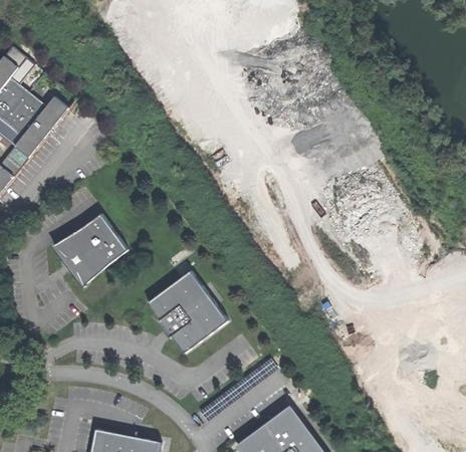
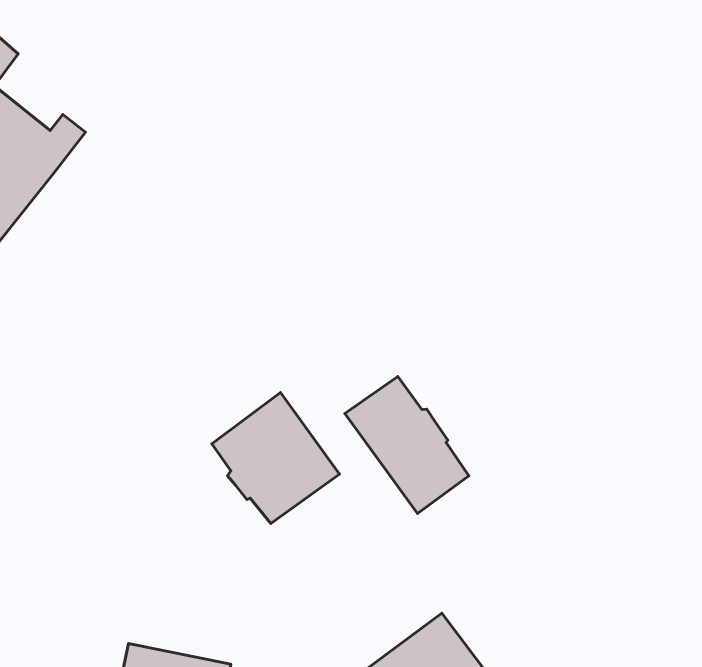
building: [49,211,126,286] -> none
building: none -> [345,377,469,514]

